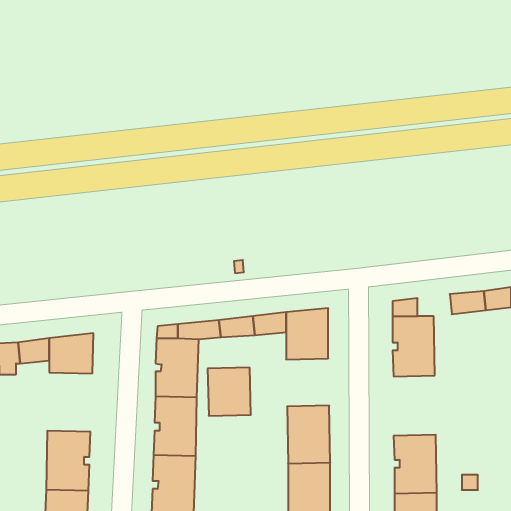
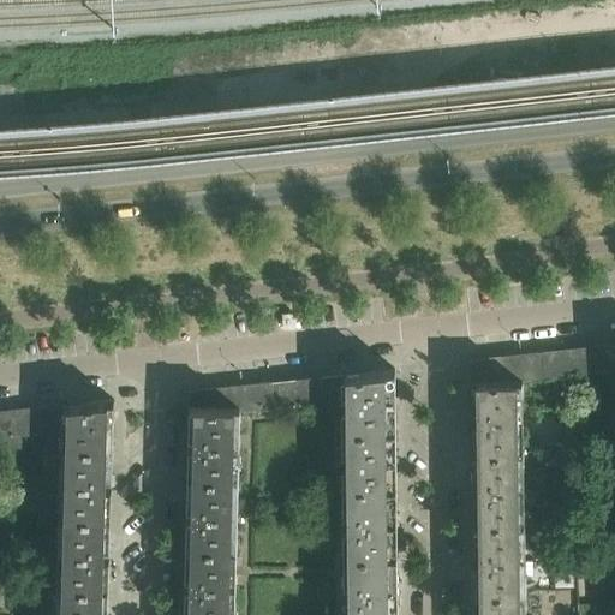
building: none -> [500,354,541,381]
building: [208,368,251,416] -> [342,431,394,489]
building: none -> [56,448,111,519]
building: none -> [471,452,521,524]

